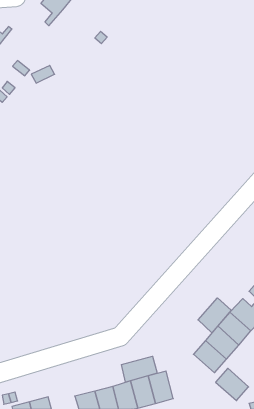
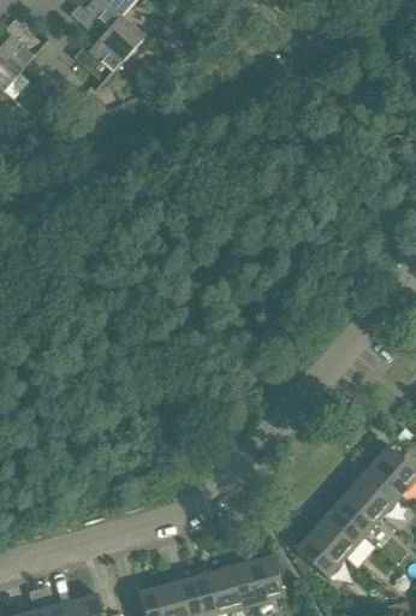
building: none -> [90,14,144,82]
building: [198,298,231,333] -> none
building: [121,356,157,382] -> none
building: [216,368,249,401] -> [297,528,346,576]

